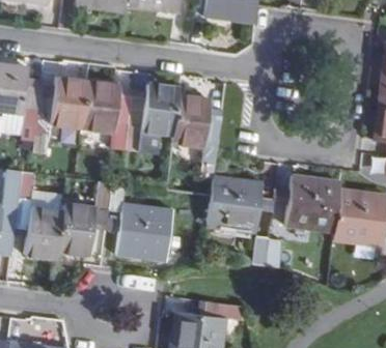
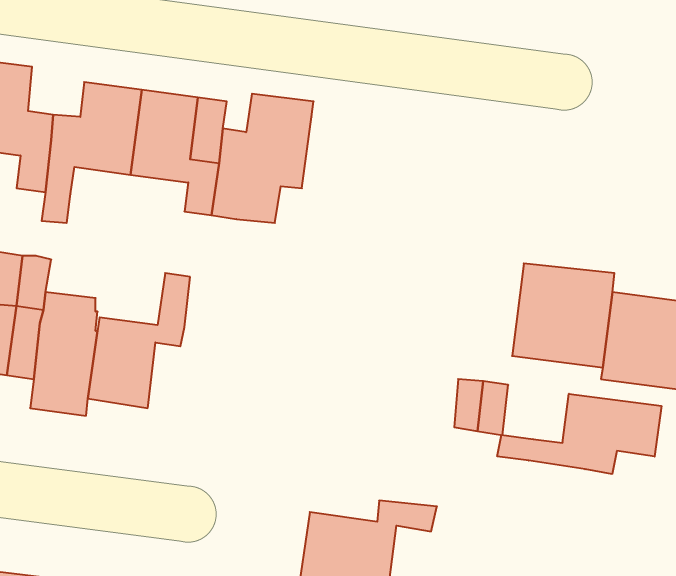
building: [171,96,218,165] -> none
building: [208,176,261,232] -> none
building: [109,182,171,259] -> none
building: none -> [497,394,661,474]

